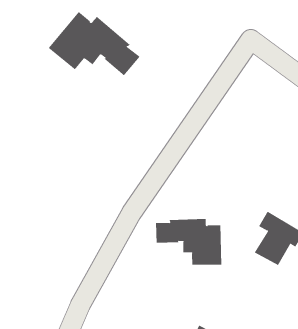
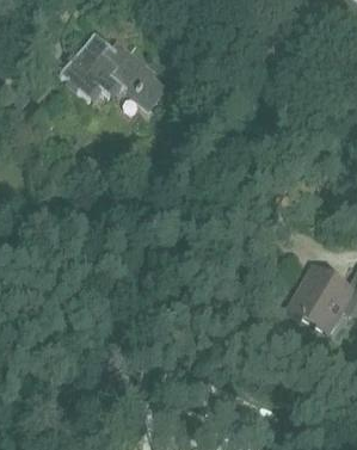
building: [156,218,222,265] -> none

